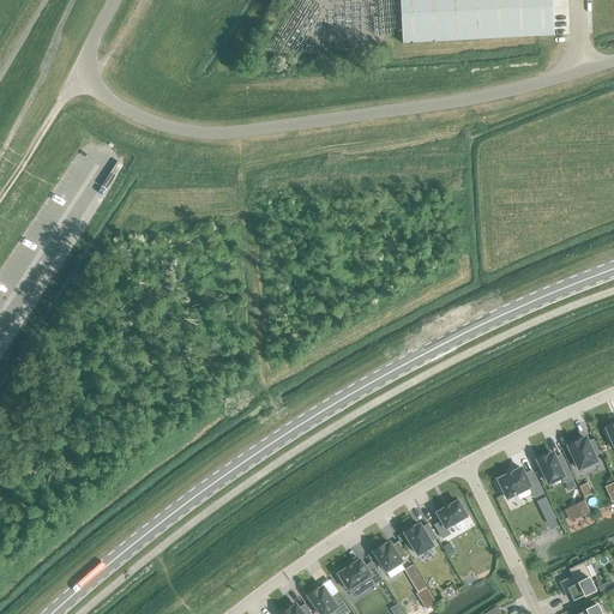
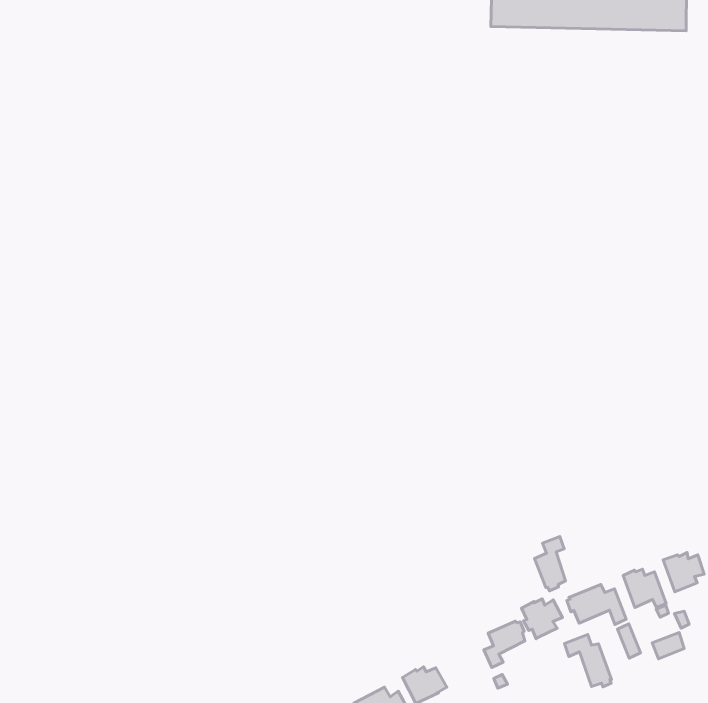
building: none -> [534,537,565,591]
building: none -> [564,635,611,687]
building: [403,524,435,555] -> [521,599,563,639]

